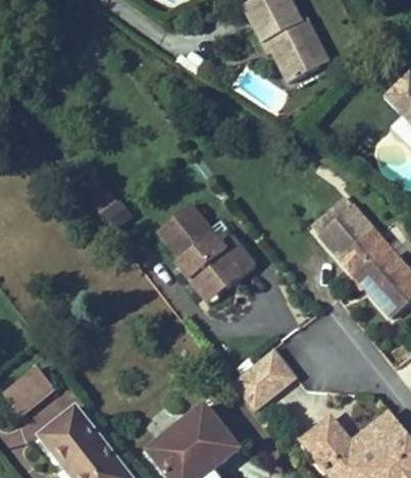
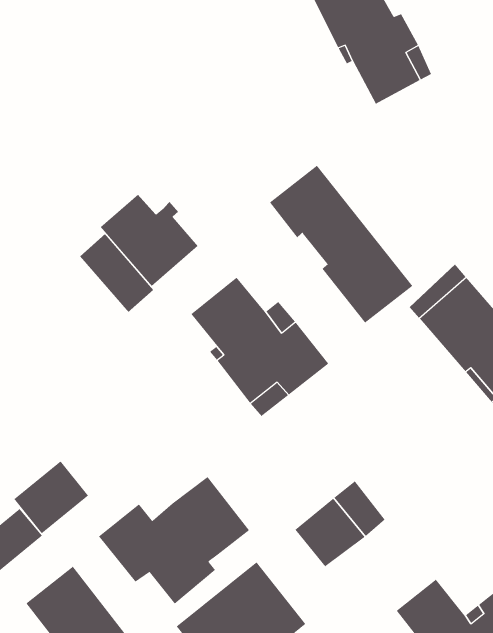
building: none -> [269,165,413,324]
building: none -> [100,194,198,287]
building: none -> [14,460,89,534]
building: none -> [98,476,250,604]

